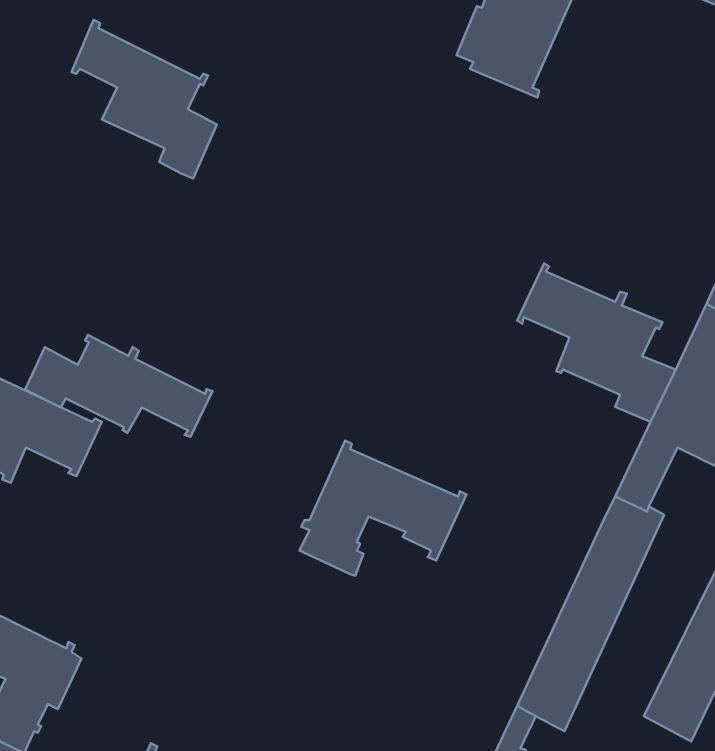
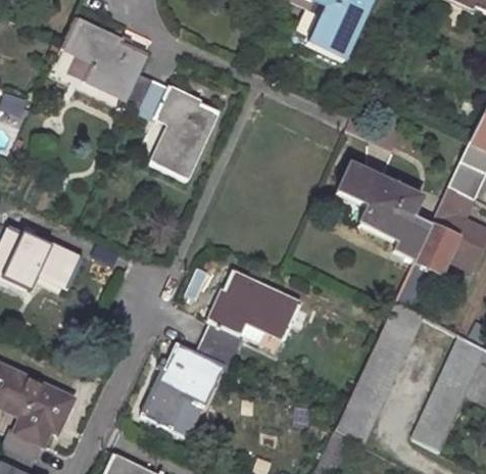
building: none -> [139,78,220,178]
building: [25,335,212,437] -> none
building: none -> [140,335,237,430]

